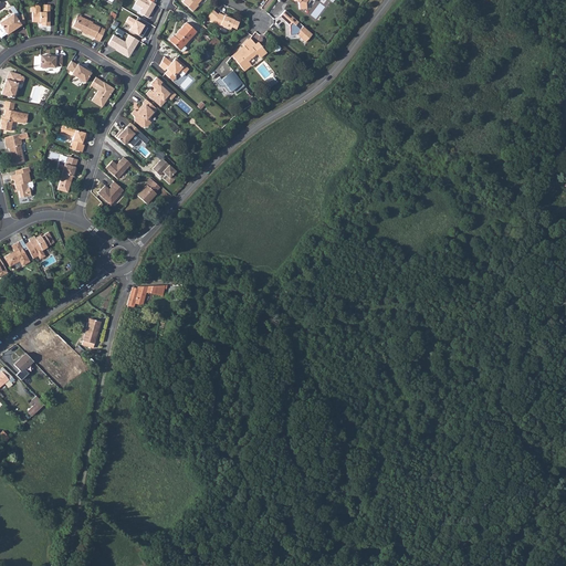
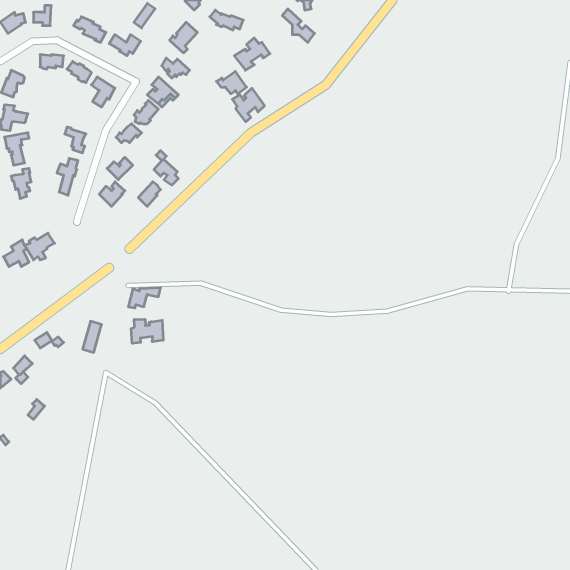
building: none -> [232,88,264,122]
building: none -> [131,319,163,343]

